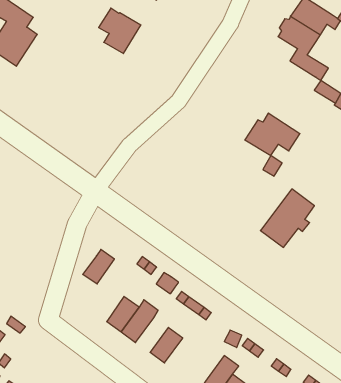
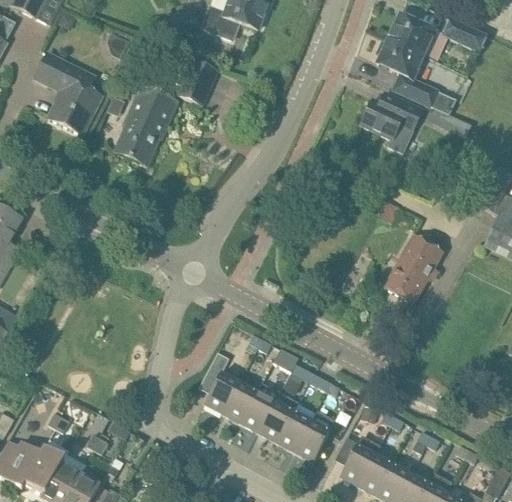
building: none -> [115,86,176,165]
building: [245,113,300,156] -> [360,91,422,139]
building: [83,249,114,284] -> [204,373,238,413]
building: none -> [258,393,297,442]
building: none -> [294,411,335,462]

